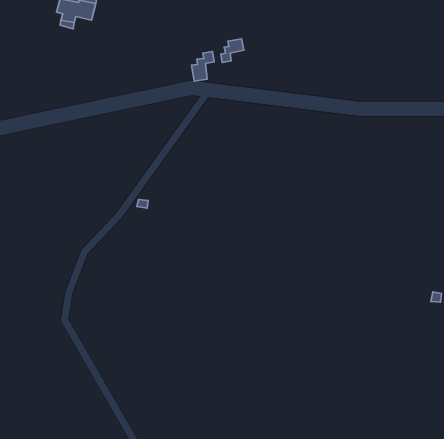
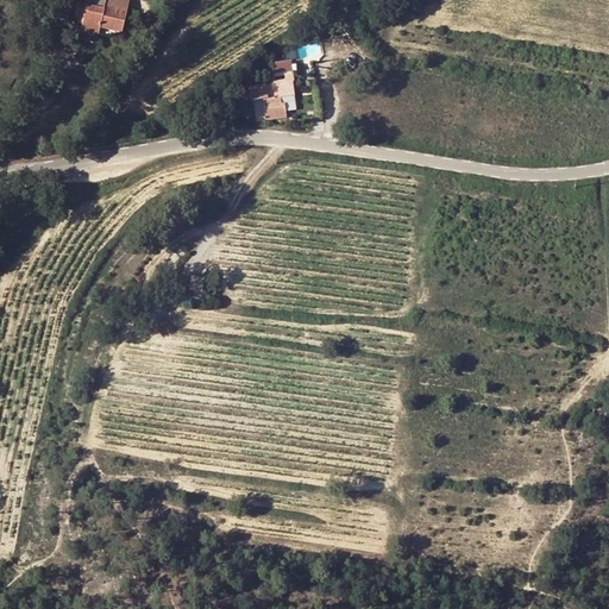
building: [221,39,244,62] -> none

